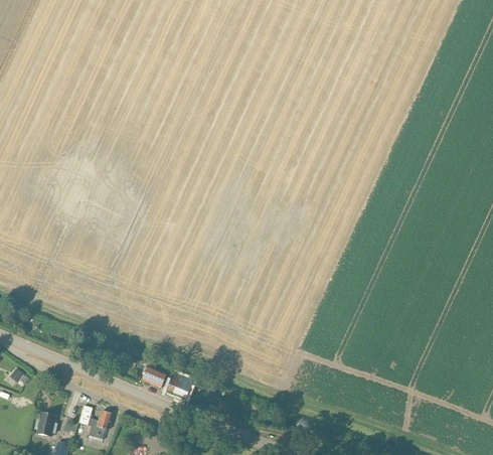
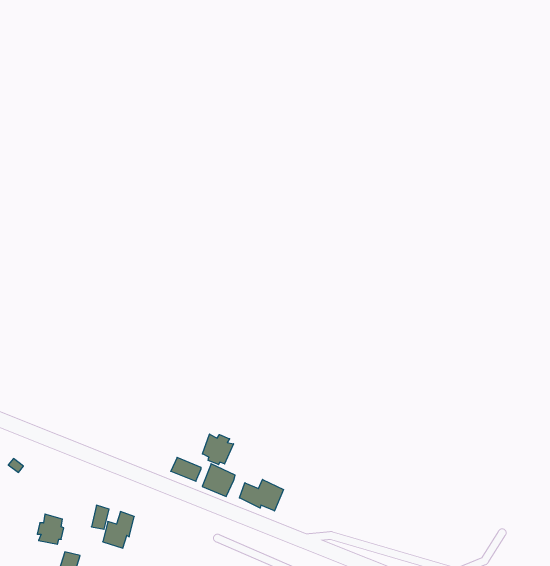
building: none -> [202,434,233,465]
building: none -> [239,479,283,511]

